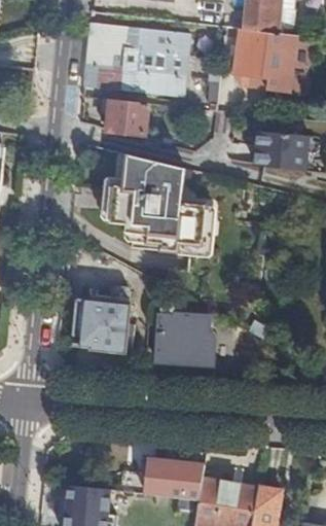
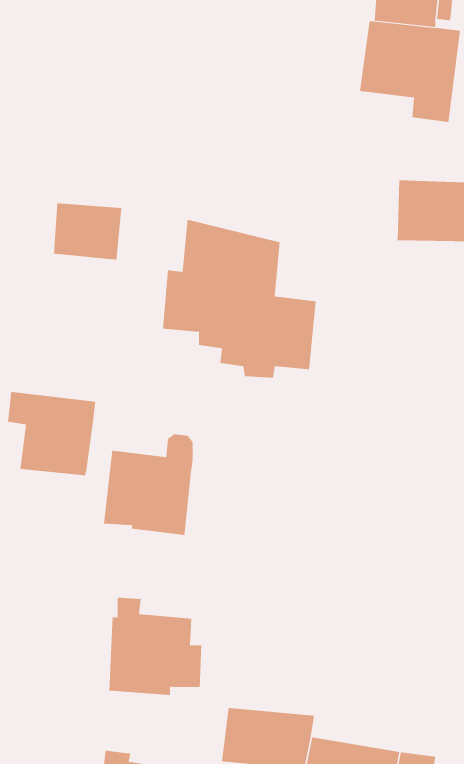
building: [82,23,188,97] -> none
building: [105,100,148,136] -> [53,203,122,260]
building: none -> [7,391,96,476]
building: [155,303,214,364] -> [109,597,202,696]

